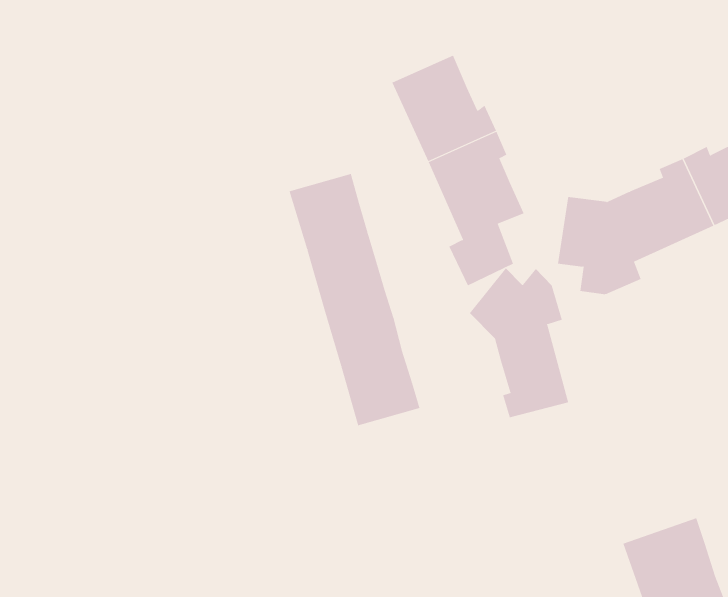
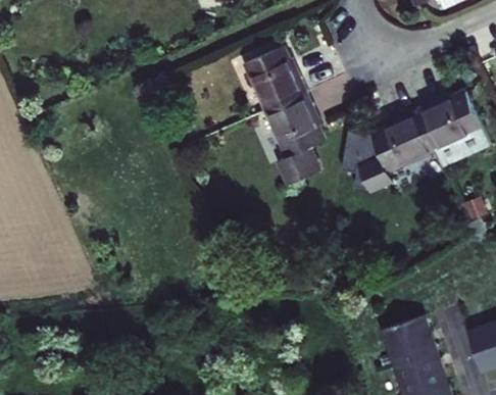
building: [289,173,420,426] -> none
building: [469,268,569,418] -> none

